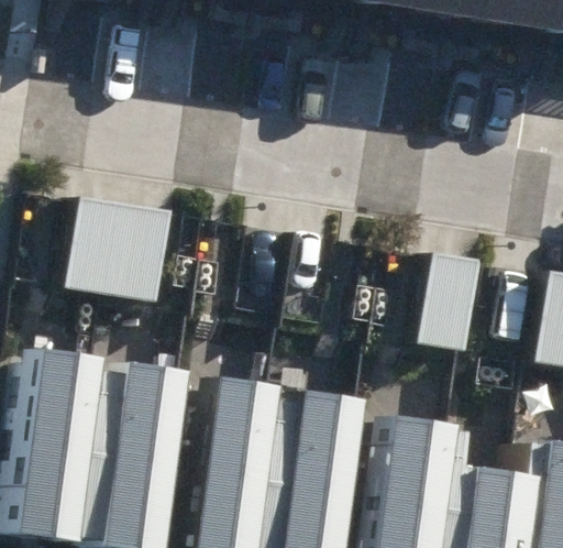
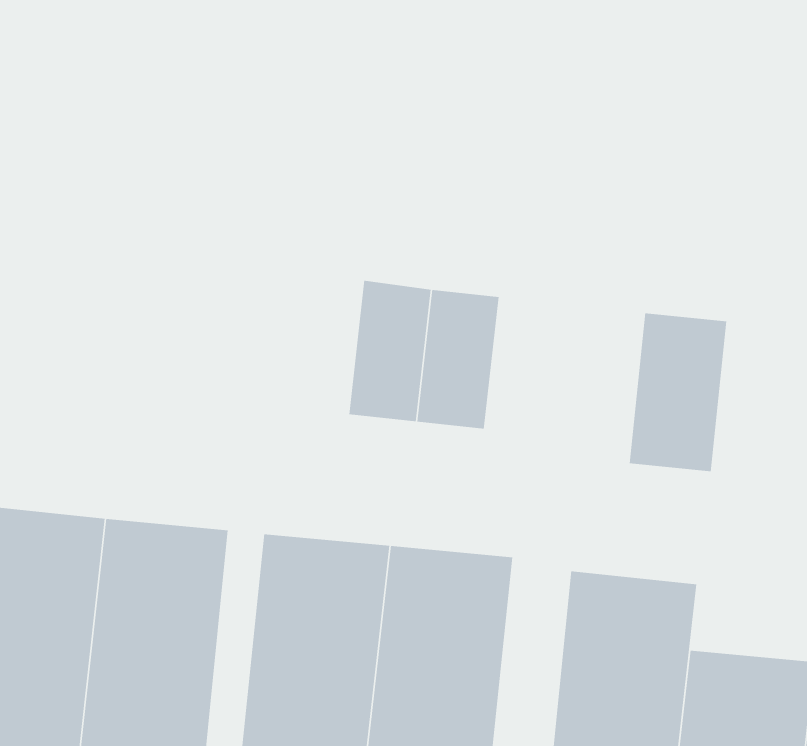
building: [69,198,167,298] -> none

